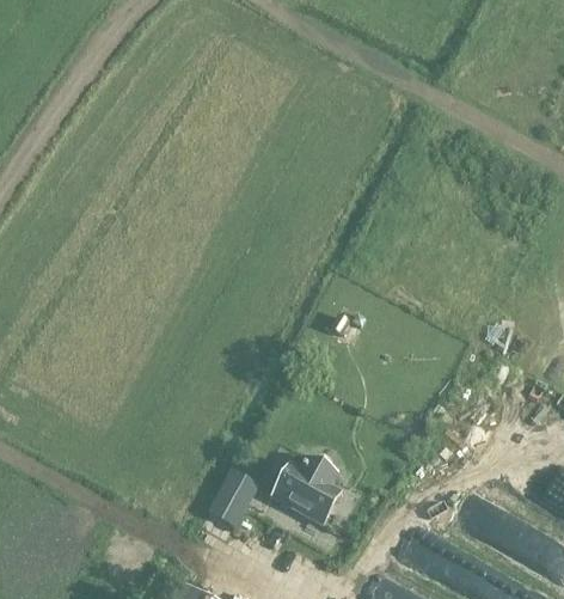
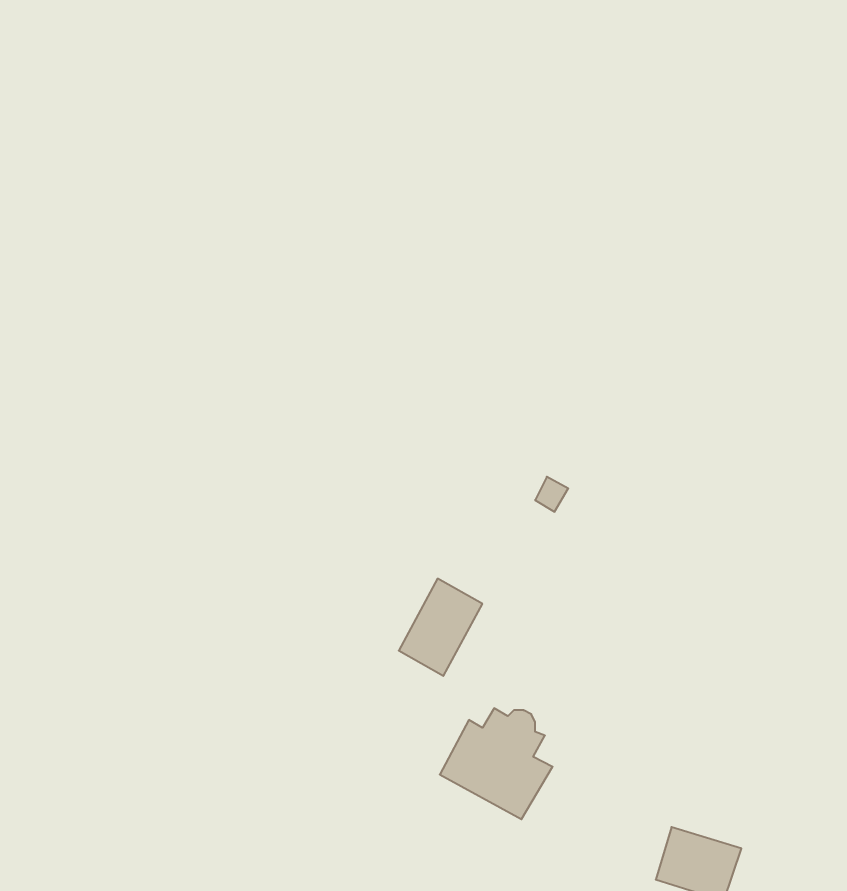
building: [208,467,259,527] -> [399,579,482,676]

